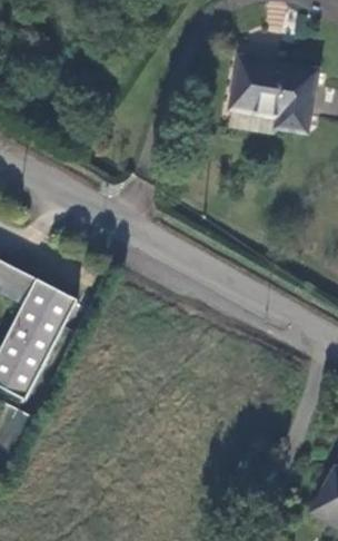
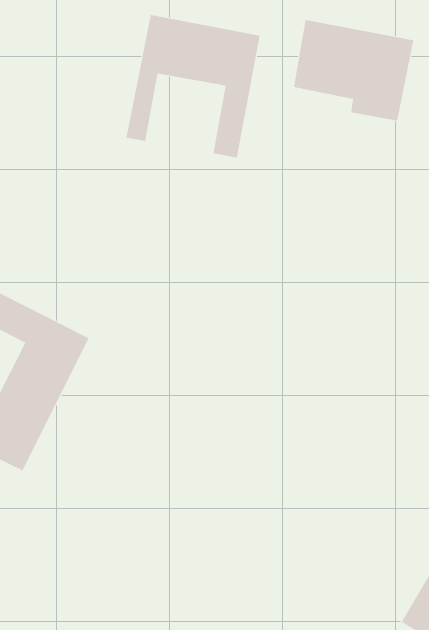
building: none -> [126,14,260,158]

